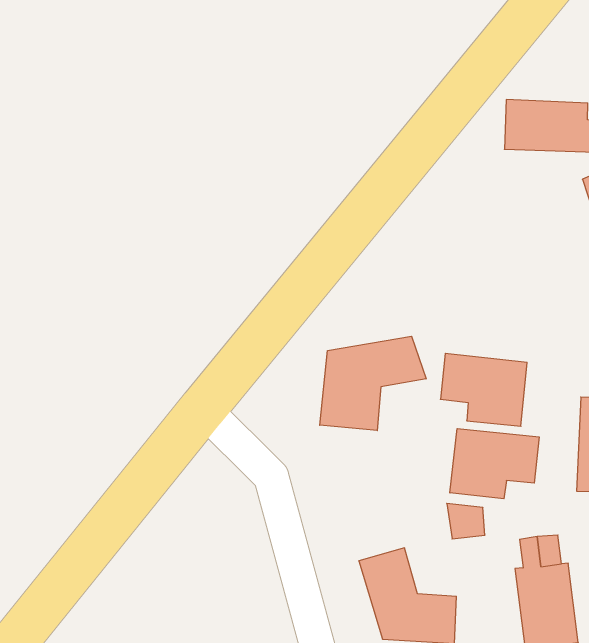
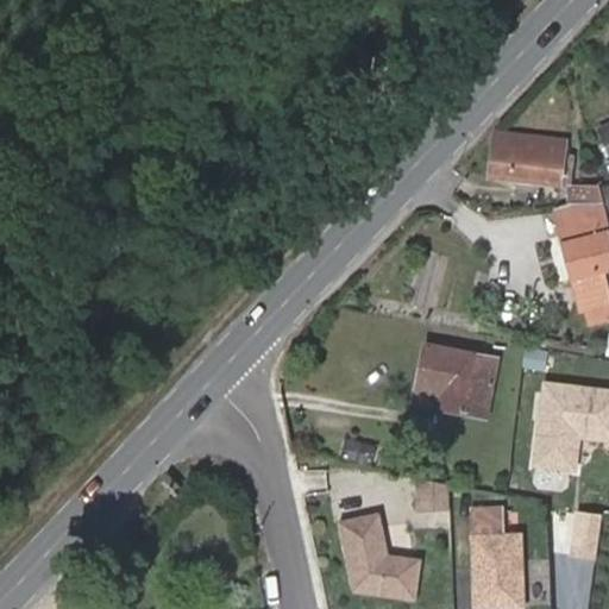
building: [320,336,426,431] -> none
building: [450,429,539,499] -> none

